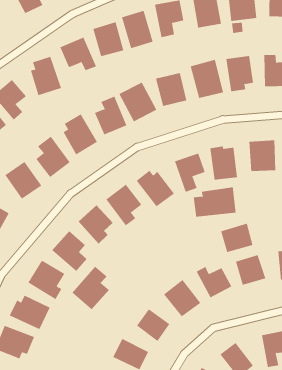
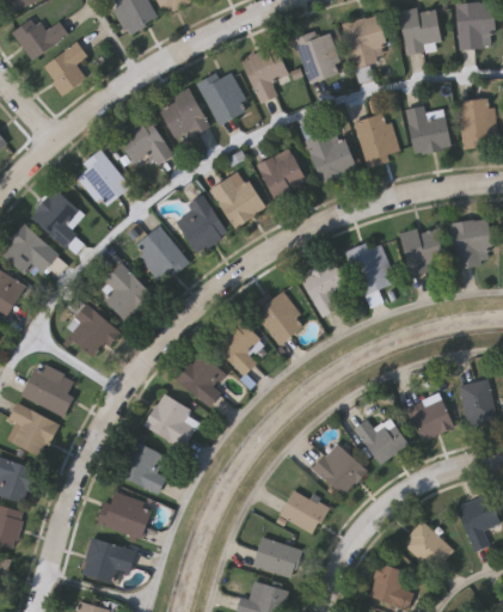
building: [193,187,236,218] -> none
building: [220,223,253,253] -> none
building: [71,266,110,310] -> none

